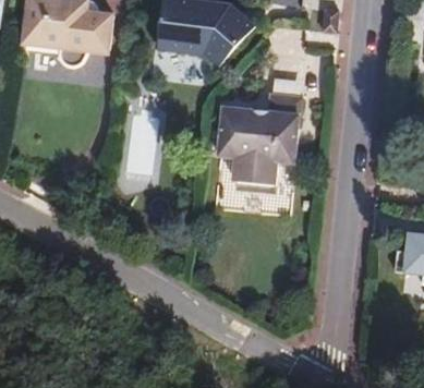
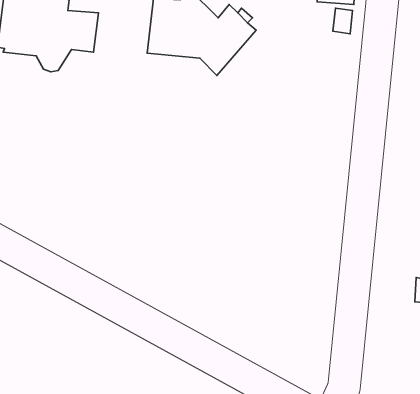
building: [216,96,299,186] -> none

